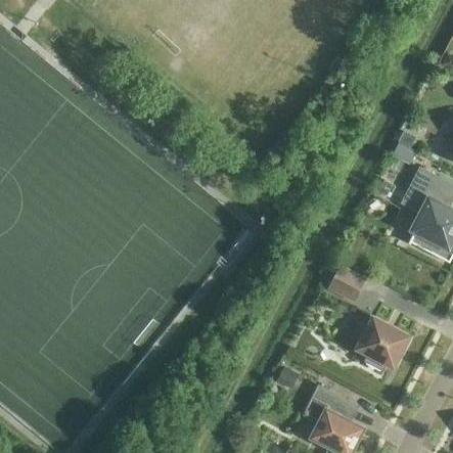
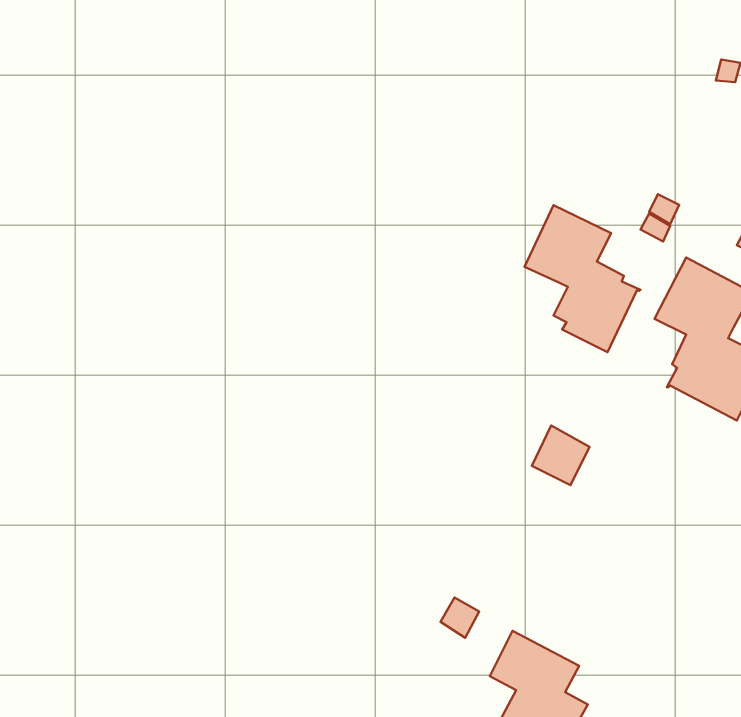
building: none -> [524,205,640,352]
building: [357,319,407,371] -> none

